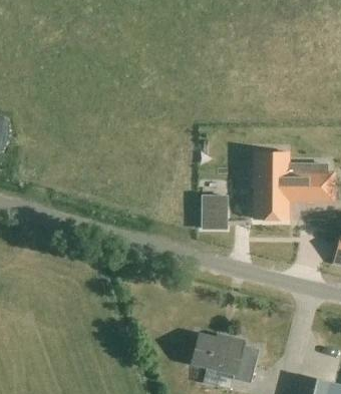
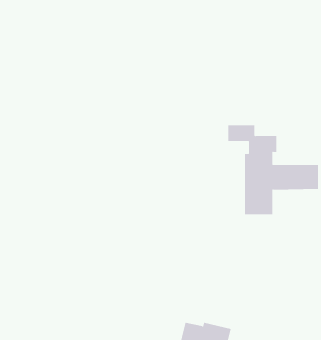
building: [204,198,228,231] -> none

